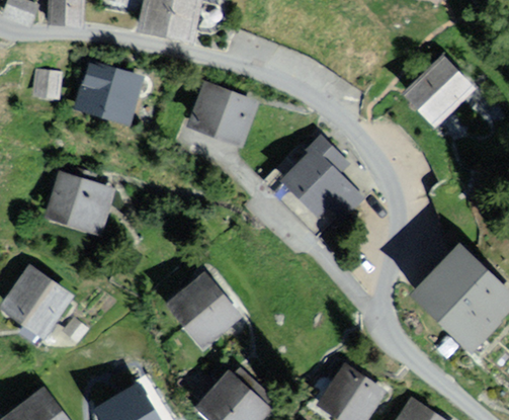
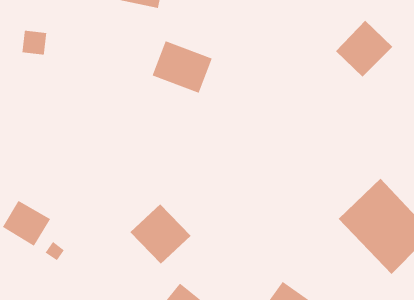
building: [74,60,146,123] -> none
building: [273,132,369,232] -> none
building: [47,176,113,233] -> none

